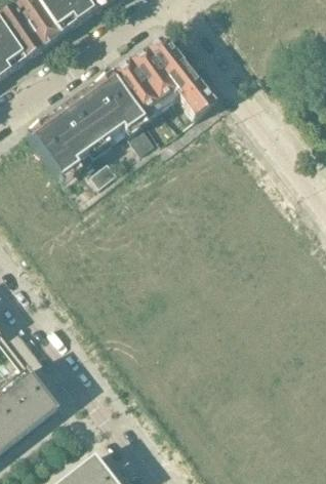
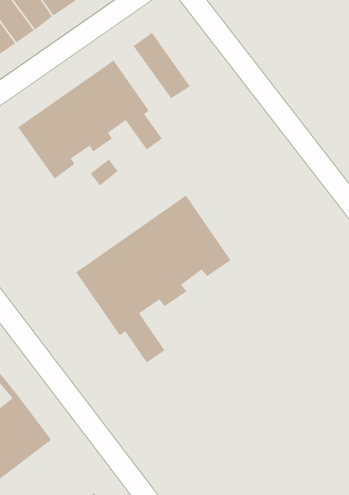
building: [146,39,214,119] -> none
building: [112,60,162,120] -> none
building: none -> [75,195,231,363]

